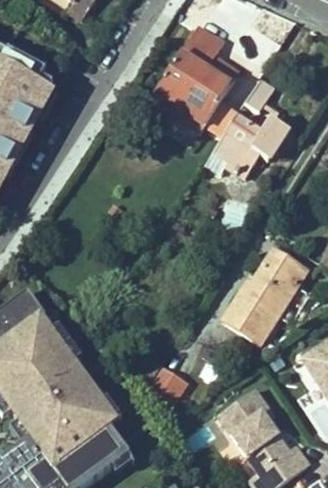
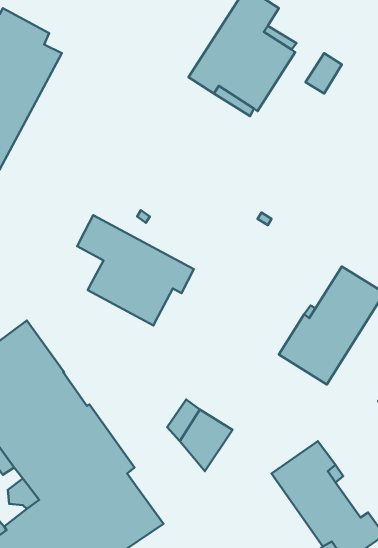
building: [207,114,289,175] -> none
building: none -> [77,215,194,325]

